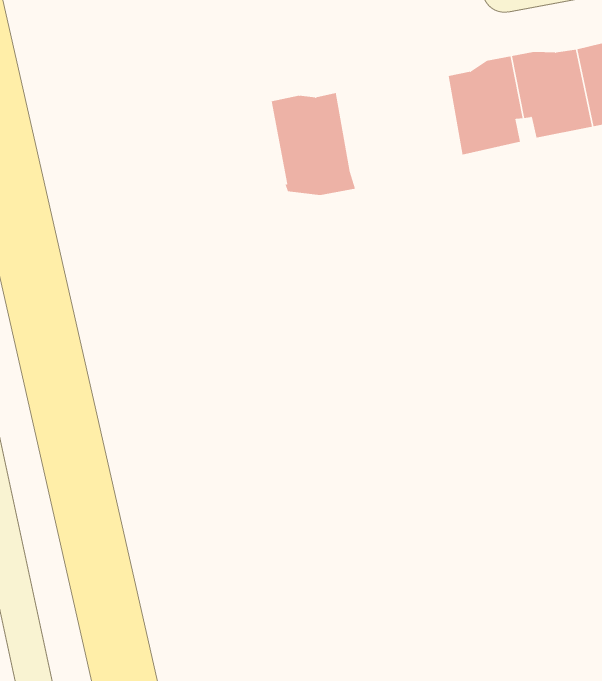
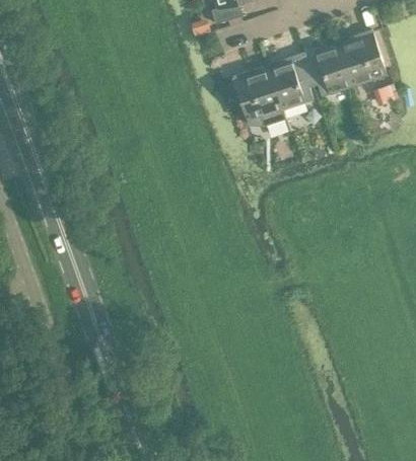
building: [271,92,356,196] -> [233,67,286,125]

